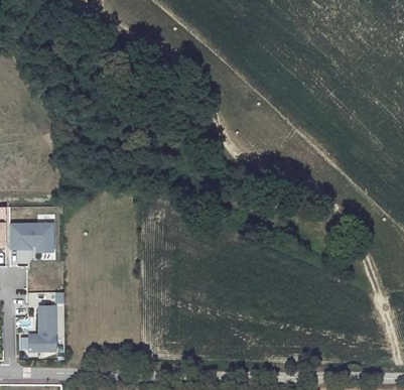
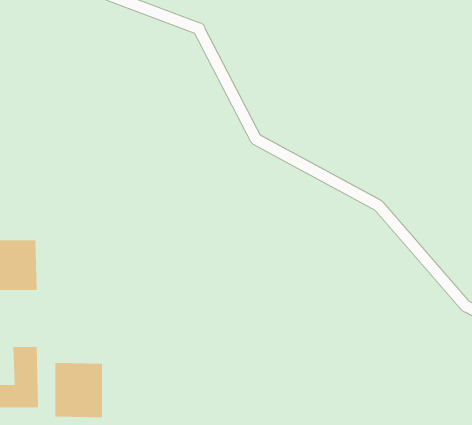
building: none -> [55,362,102,418]

